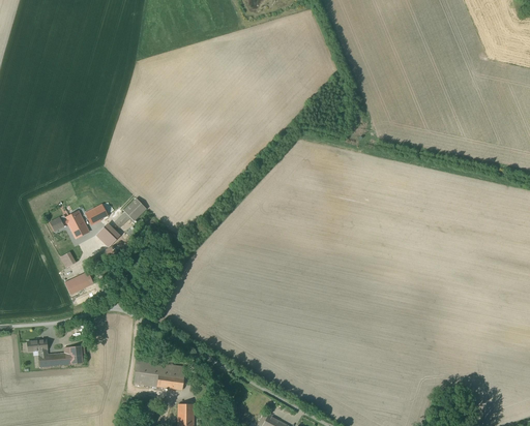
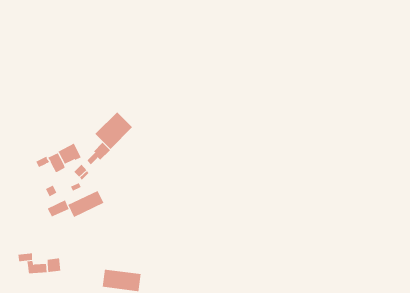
building: none -> [95,112,133,150]
building: none -> [67,190,104,218]

